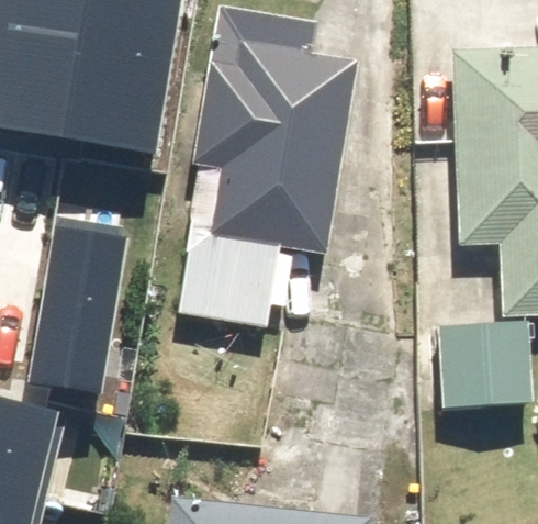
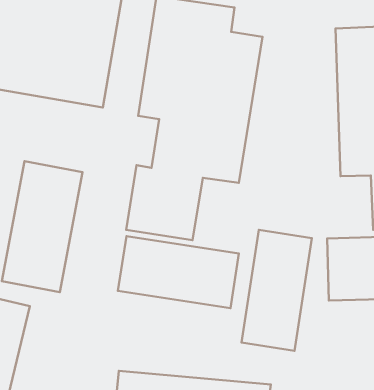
building: none -> [241,230,312,351]
building: none -> [118,236,239,308]

